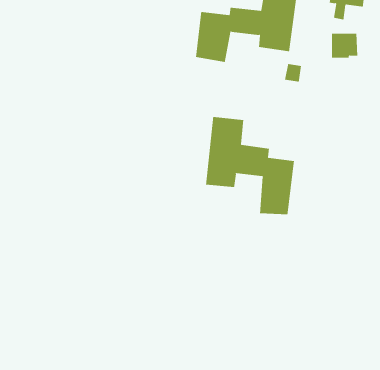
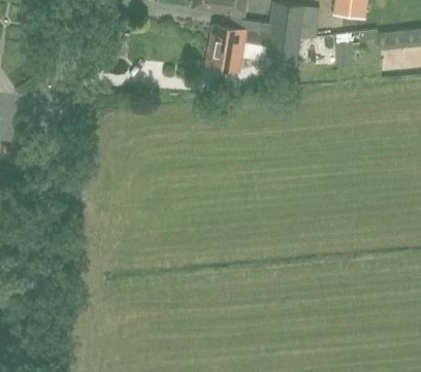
building: [205,116,294,215] -> none

